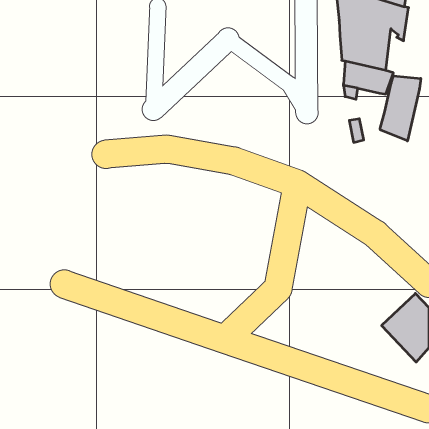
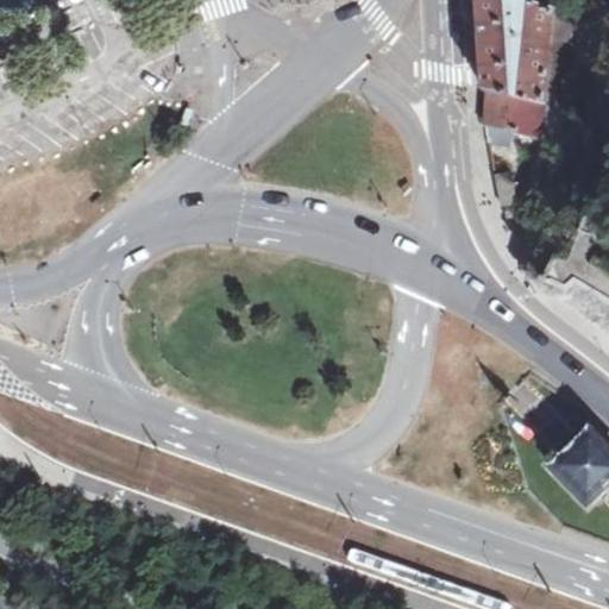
building: [380,76,421,141] -> none

